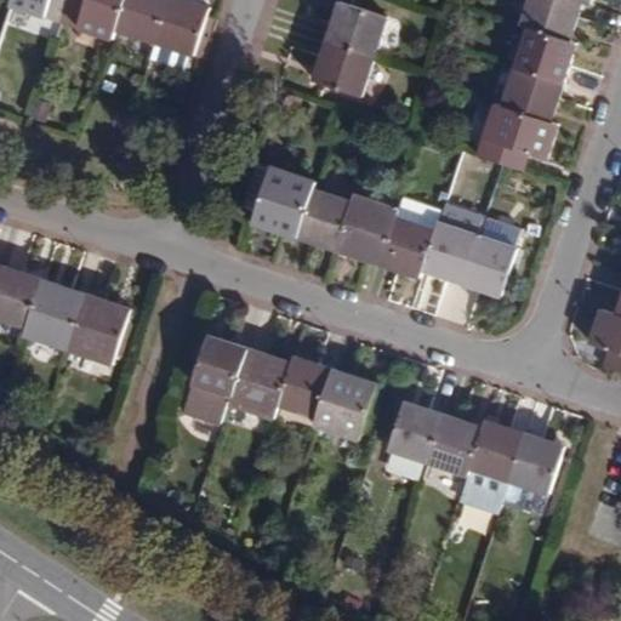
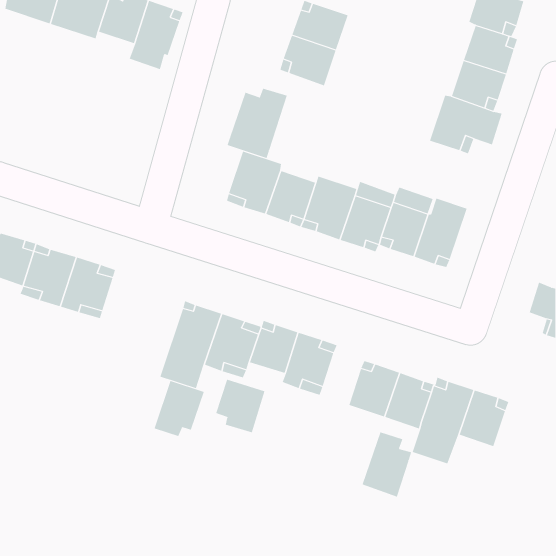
building: none -> [227,88,288,159]
building: none -> [216,379,265,433]
building: none -> [154,380,204,437]
building: none -> [362,431,412,498]

